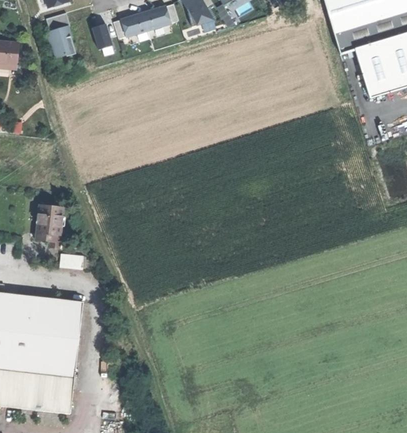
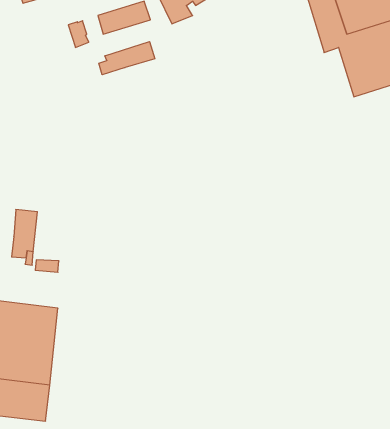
building: [44,12,76,58] -> none
building: none -> [99,42,155,75]

